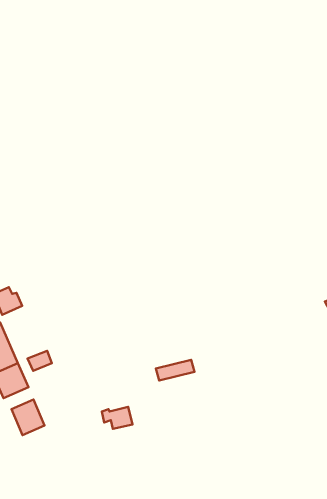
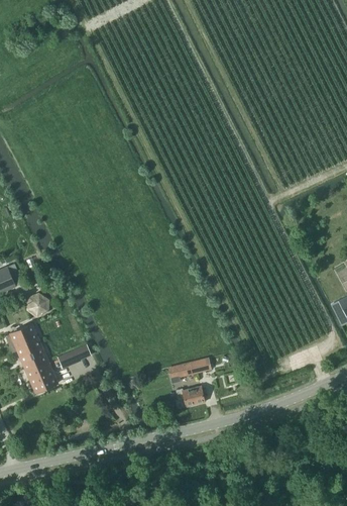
building: [12,399,45,435] -> none
building: [102,407,133,429] -> [176,386,204,406]

